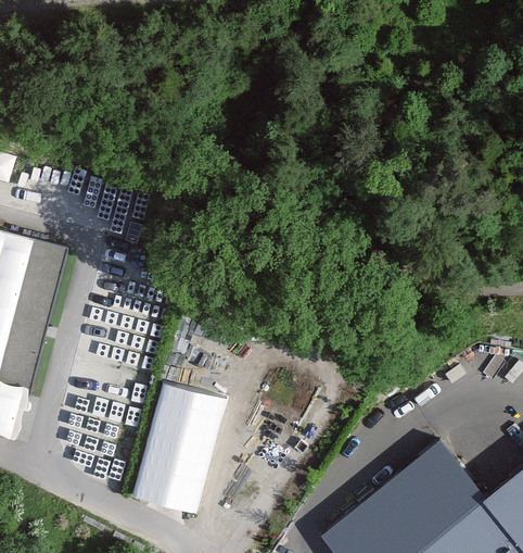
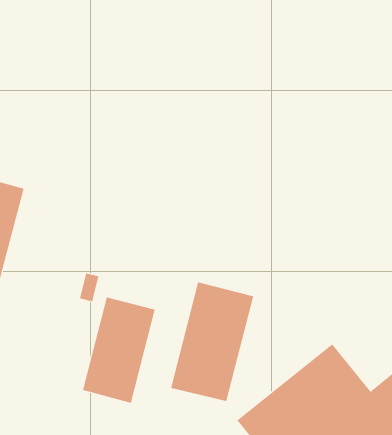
building: none -> [170,282,254,402]

